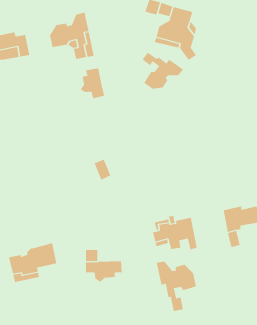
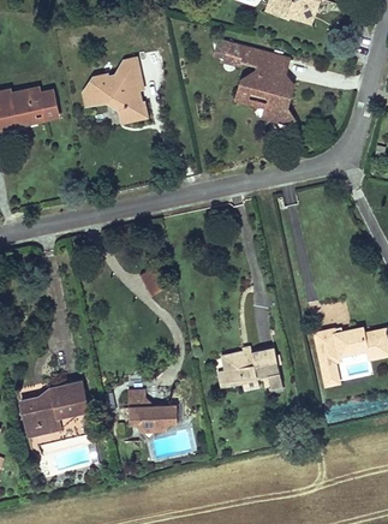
building: [142,52,184,89] -> none
building: [80,67,105,99] -> none
building: [156,261,197,312] -> none

